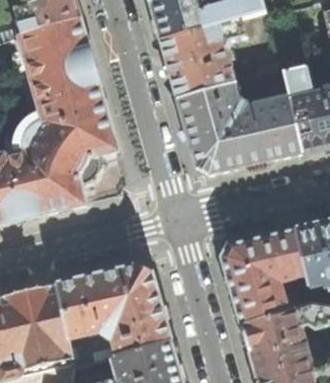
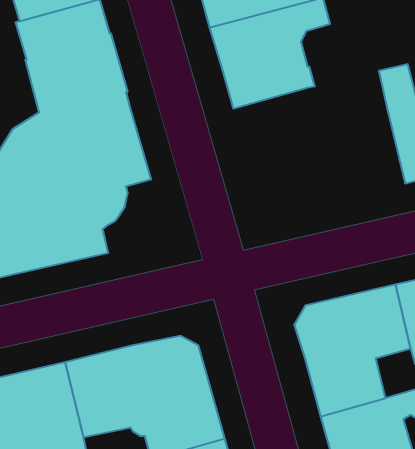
building: [176,83,302,174] -> none

